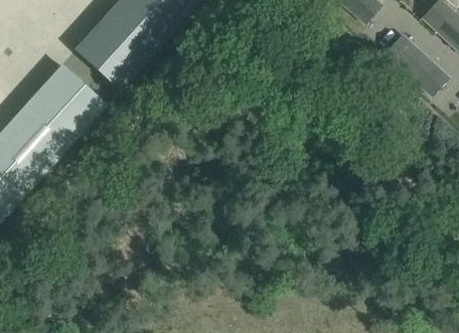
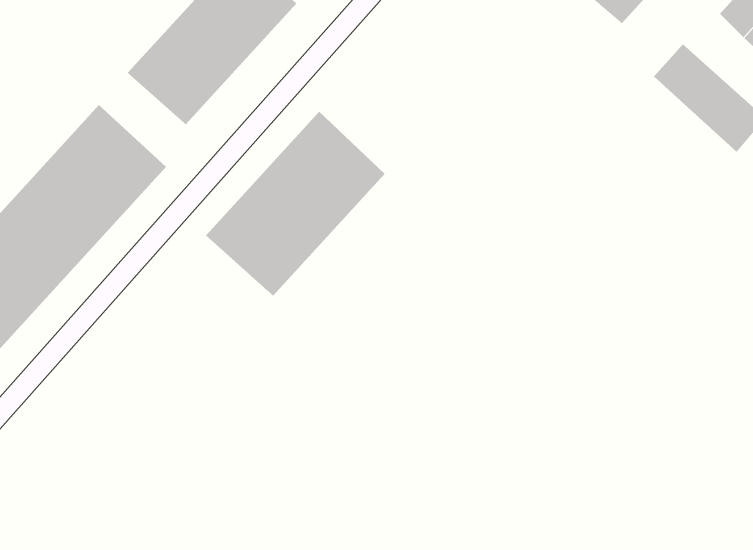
building: none -> [205,111,386,296]

